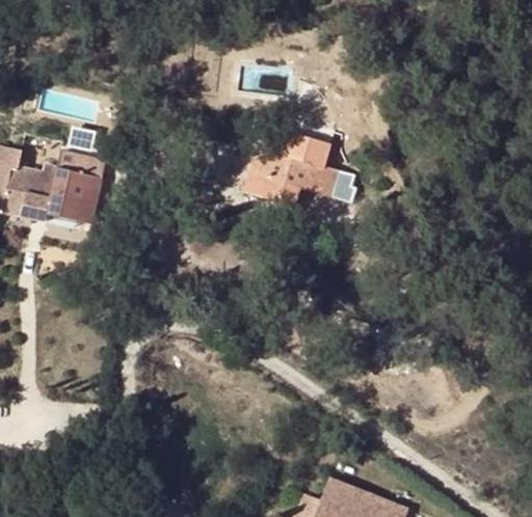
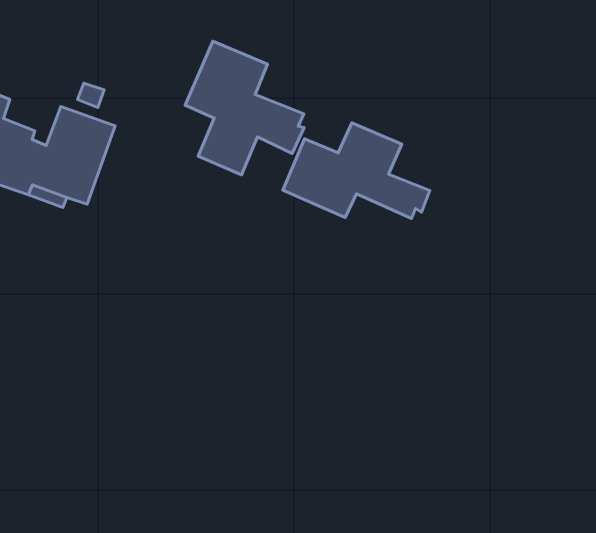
building: none -> [185,41,304,175]

